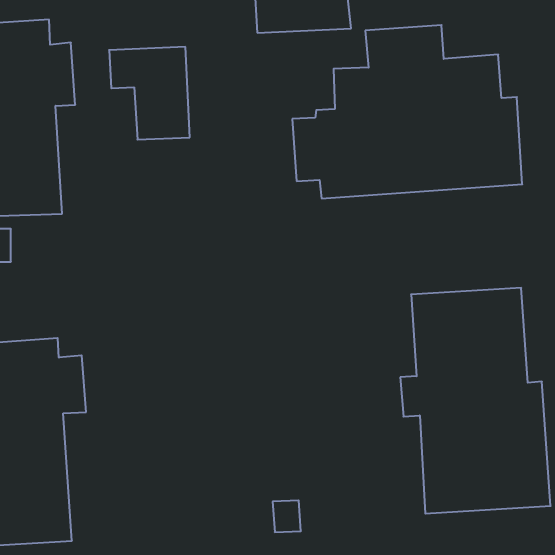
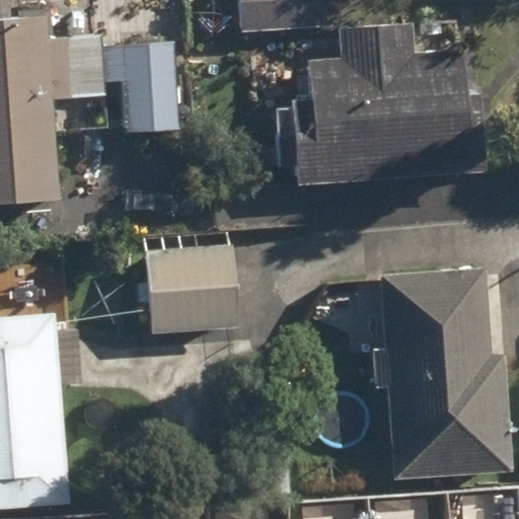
building: none -> [145,245,237,333]

